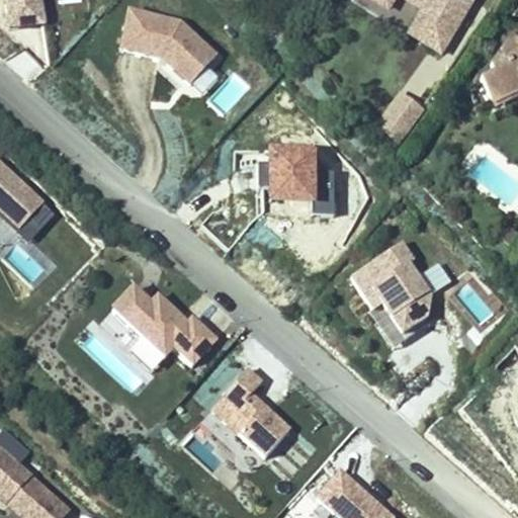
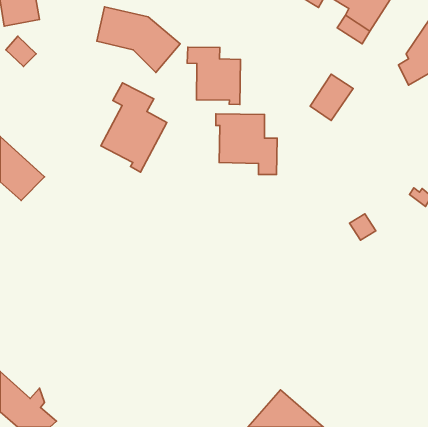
building: none -> [187,47,240,104]
building: none -> [101,83,167,172]
building: [351,244,430,347] -> none
building: [113,287,214,370] -> none
building: [212,370,290,457] -> none

